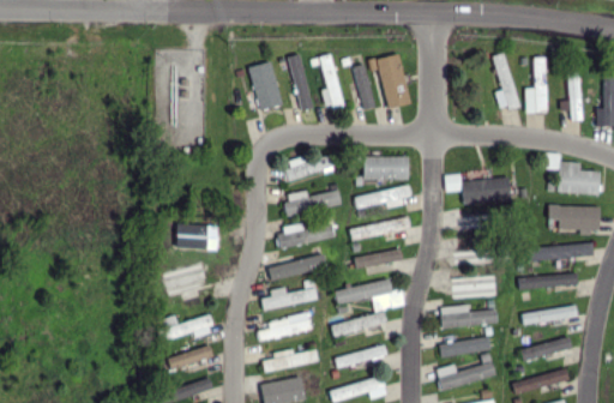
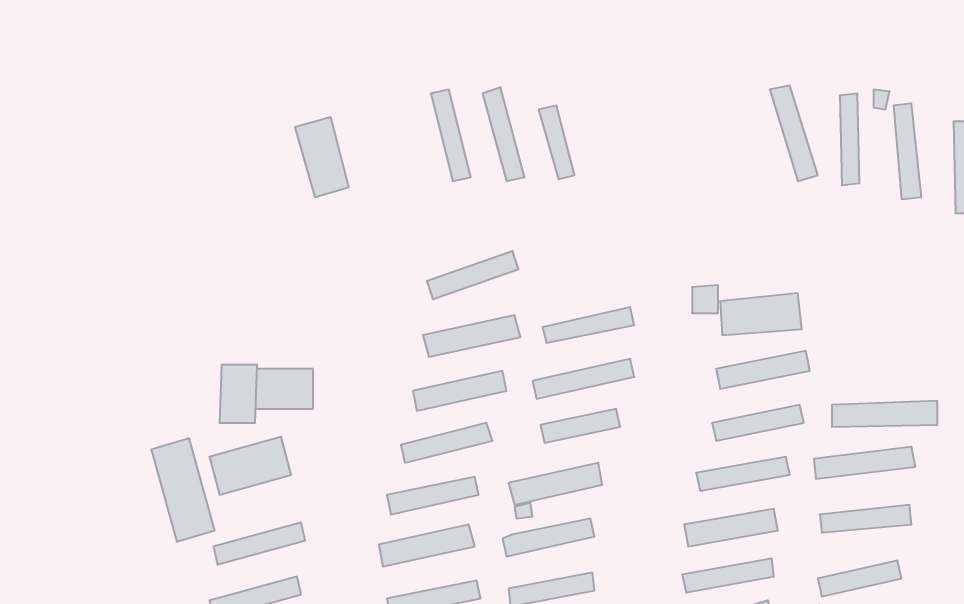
building: [375,54,410,109] -> none
building: [248,62,281,110] -> [295,117,349,197]
building: [363,157,408,180] -> none
building: [558,161,600,194] -> none
building: [548,204,600,231] -> none
building: none -> [151,438,214,542]

